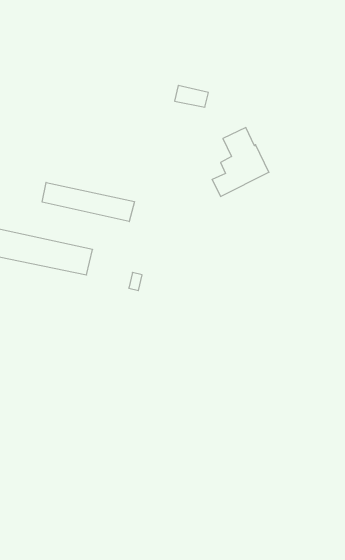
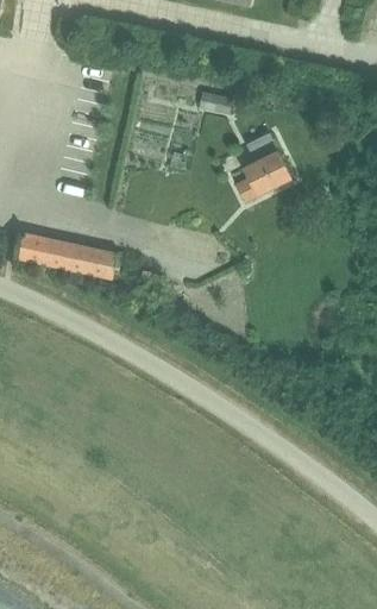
building: [42,182,134,222] -> none

